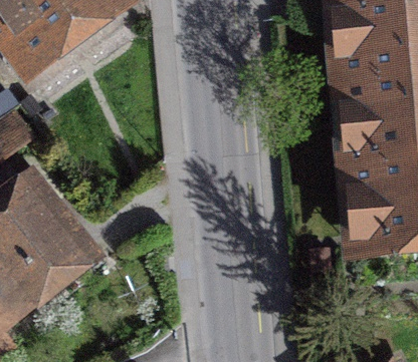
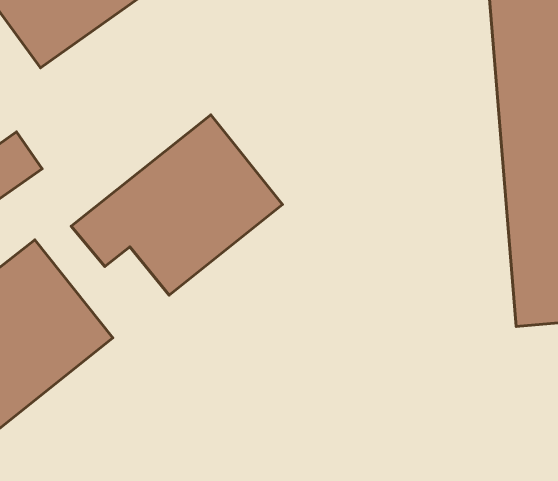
building: none -> [71,115,283,295]

